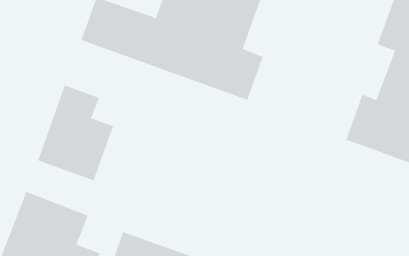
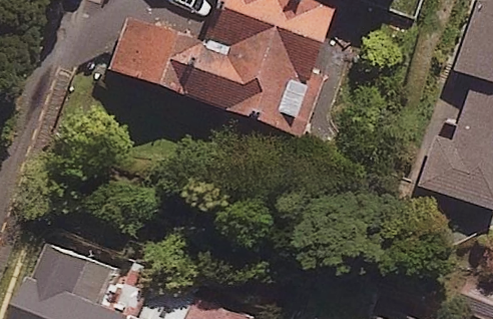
building: [37,85,114,181] -> none

